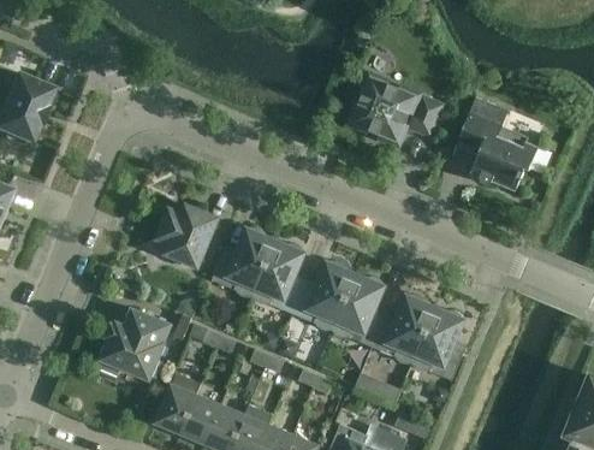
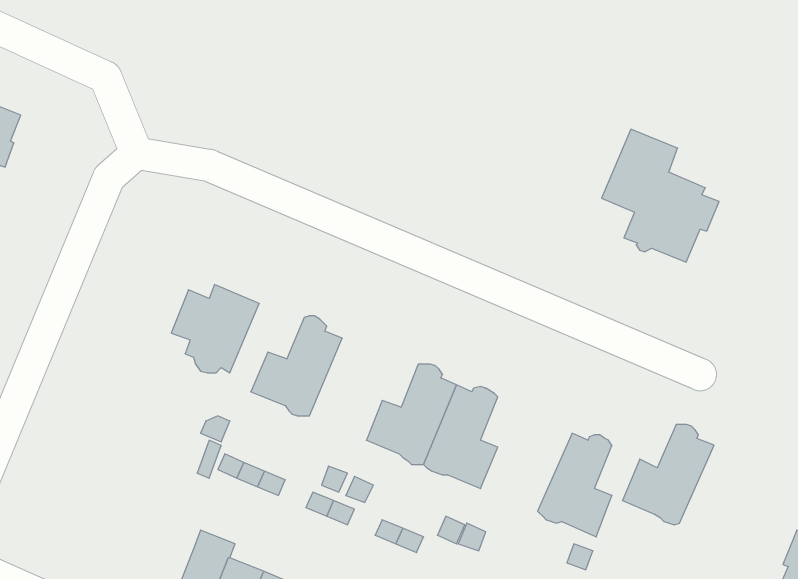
building: [352,73,436,138] -> none
building: [251,242,302,313] -> none
building: [370,294,434,363] -> [622,425,714,525]
building: [99,307,170,379] -> none

